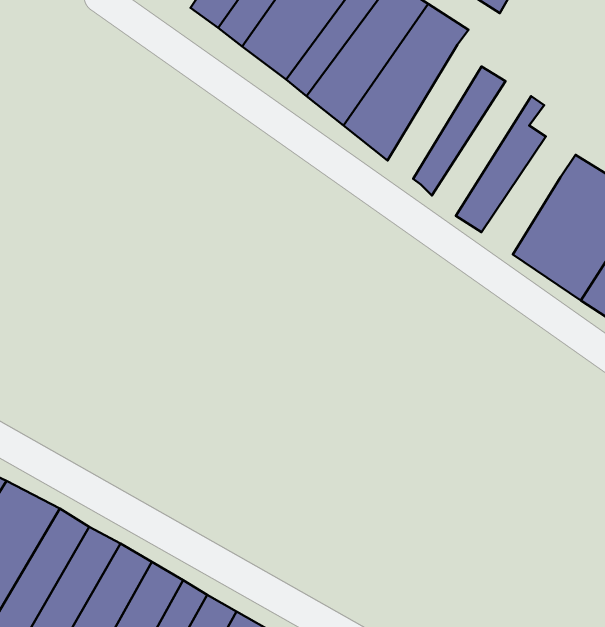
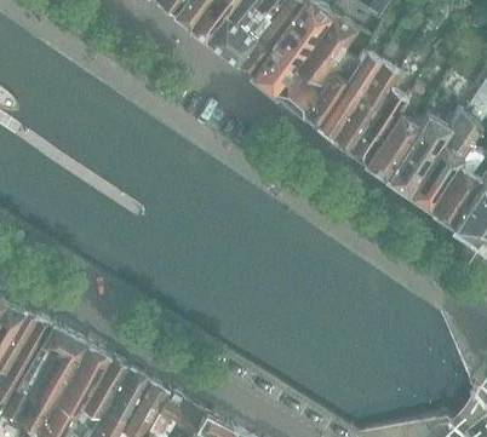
building: none -> [302,41,365,130]
building: none -> [331,65,396,154]
building: none -> [363,87,425,179]

